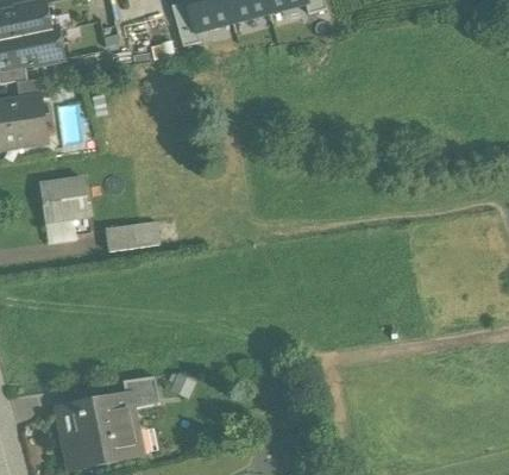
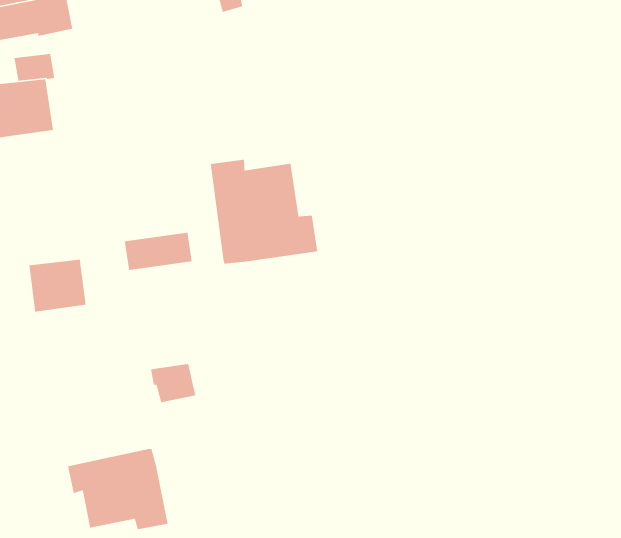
building: none -> [210,159,318,265]
building: [40,181,87,224] -> [28,259,87,313]
building: [121,376,158,408] -> [150,363,196,403]

